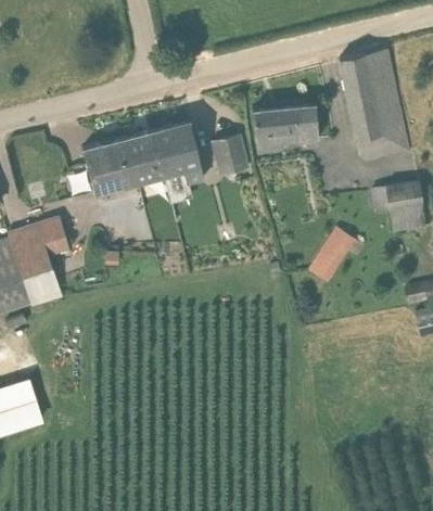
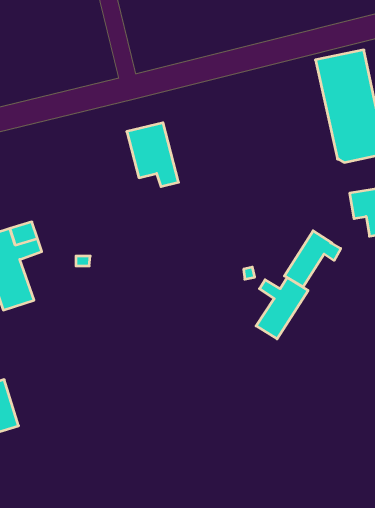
building: [253,105,318,150] -> none
building: [82,130,165,194] -> none
building: [212,136,249,177] -> none
building: none -> [256,278,308,339]

